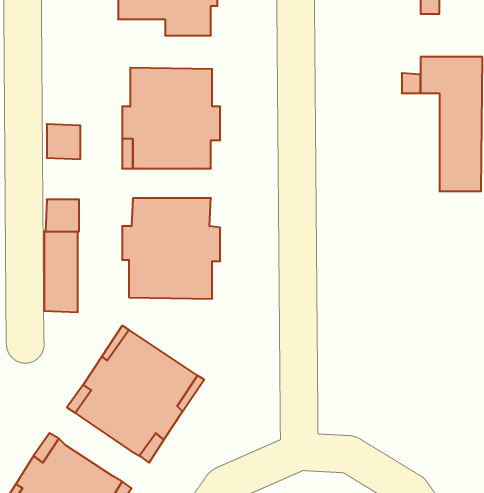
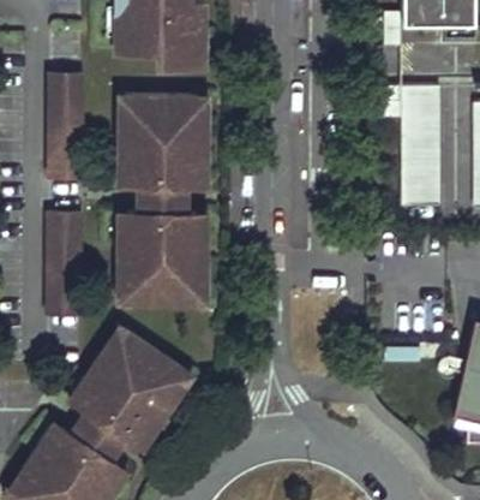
building: none -> [50,76,80,149]
building: none -> [137,188,187,214]
building: none -> [68,411,126,463]

